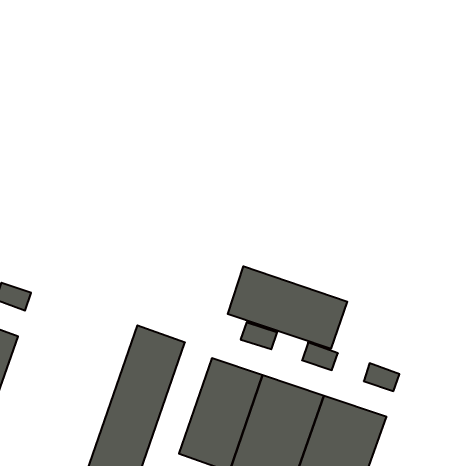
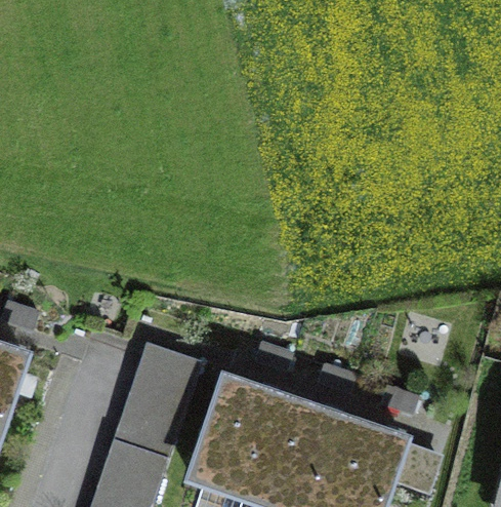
building: [228,266,347,349] -> none

